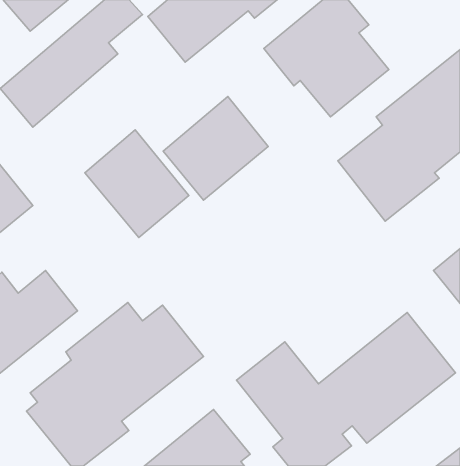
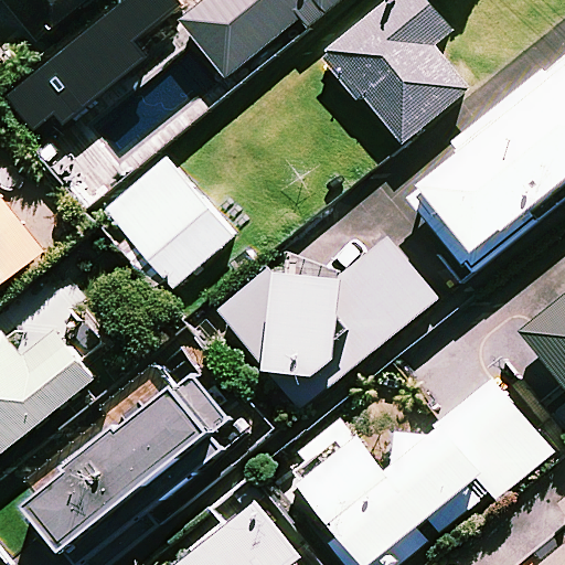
building: [163,97,268,200] -> none
building: none -> [220,233,438,406]

